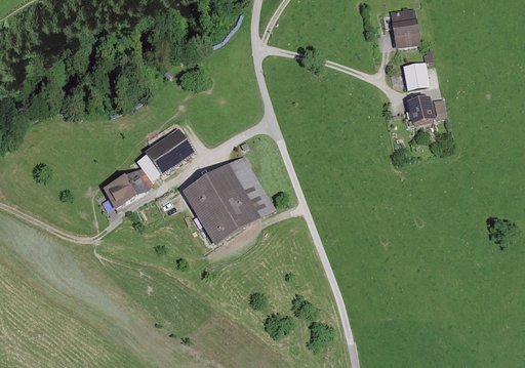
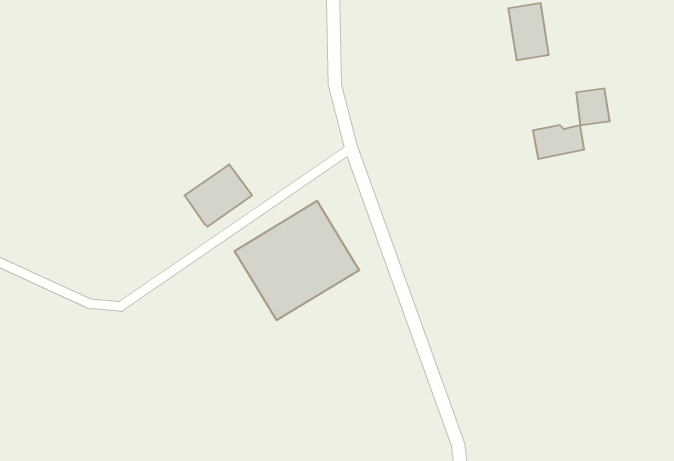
building: [403,63,429,90] -> [576,89,610,125]
building: [100,152,159,211] -> none

